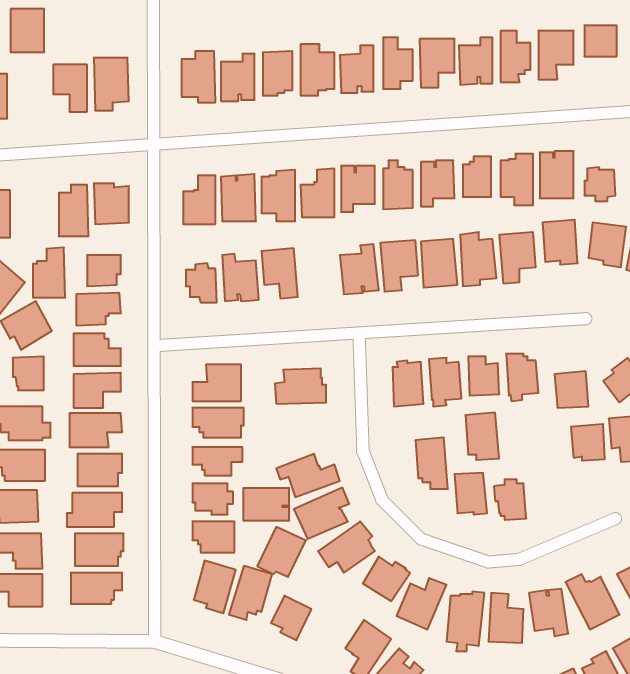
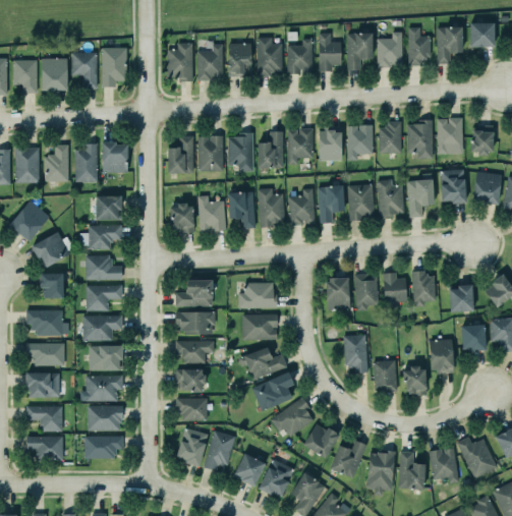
building: [11,9,44,52] -> [42,58,67,91]
building: none -> [258,188,285,227]
building: [33,247,65,298] -> [45,145,69,182]
building: [465,413,499,460] -> [430,338,455,374]
building: [243,488,289,521] -> [243,314,278,339]
building: [257,527,306,577] -> [259,458,295,496]

